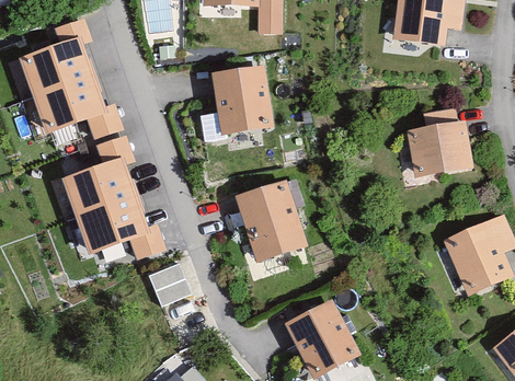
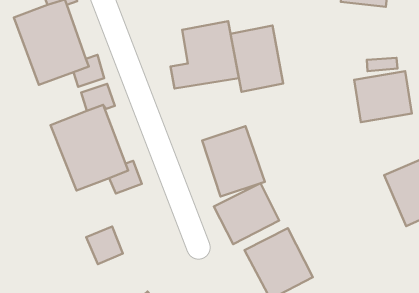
building: none -> [231,26,283,92]
building: none -> [214,183,279,244]
building: [146,259,187,302] -> [86,227,123,264]

